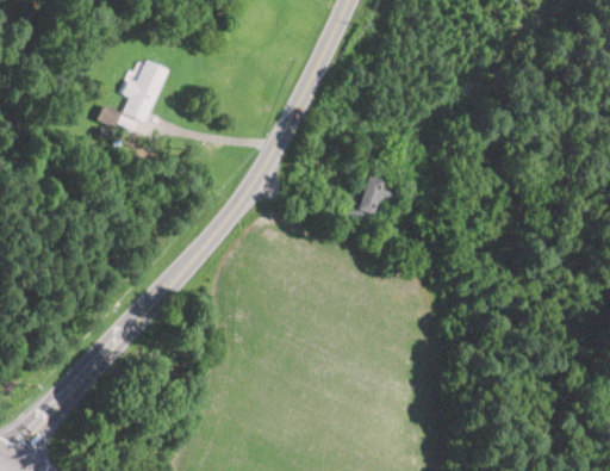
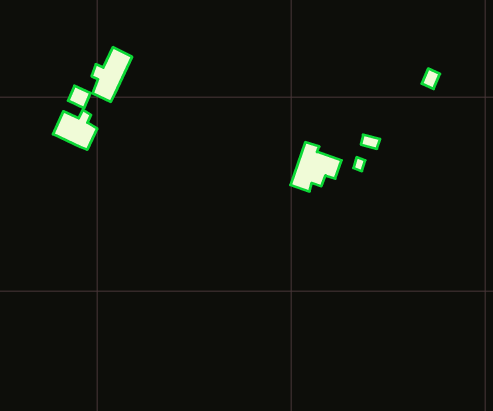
building: none -> [53,110,97,150]

